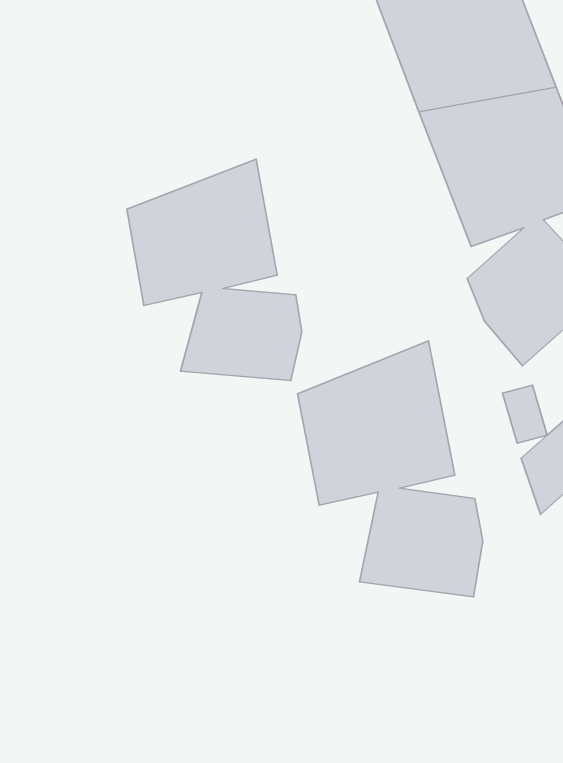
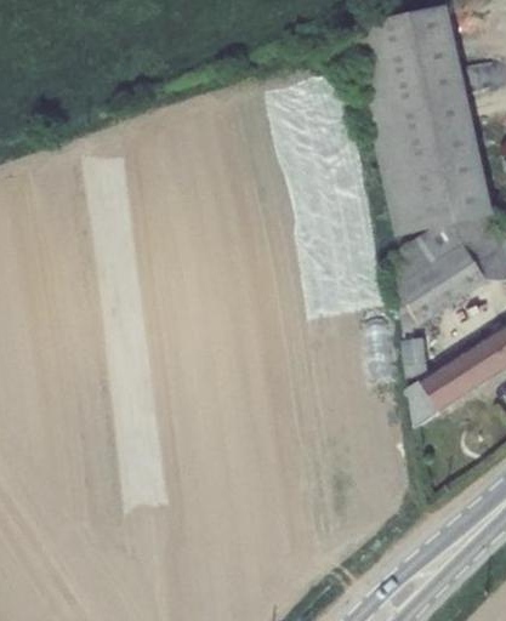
building: [127,159,302,381] -> none
building: [297,341,483,597] -> none

